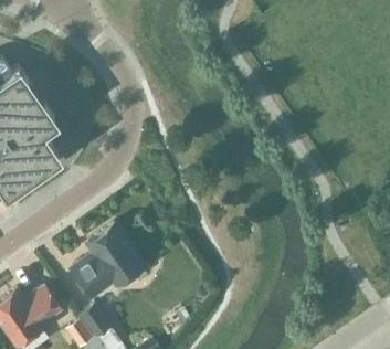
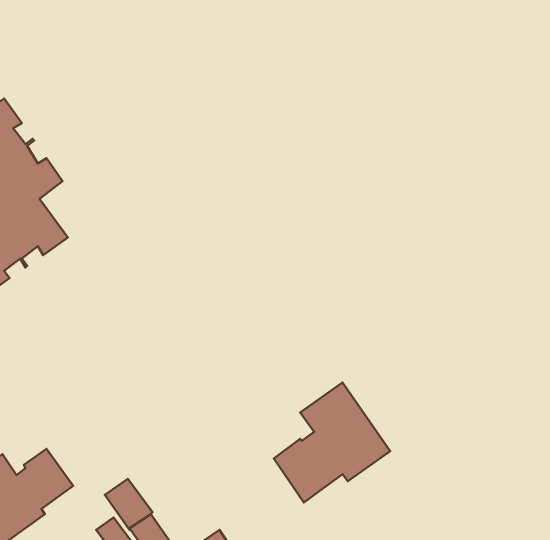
building: [71,225,144,300] -> [274,383,390,502]

